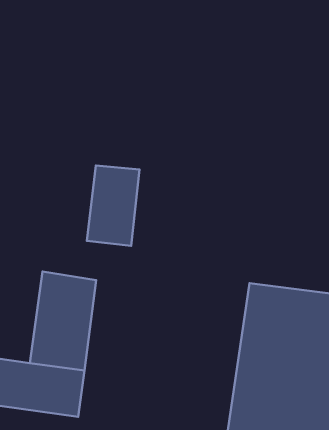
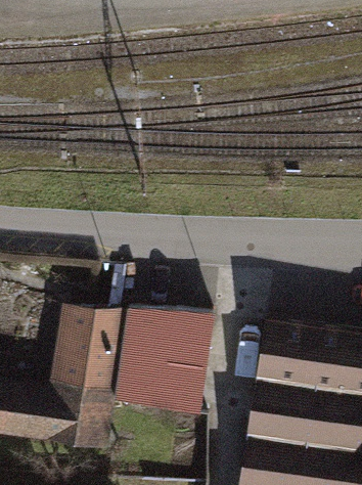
building: [87,166,140,246] -> none
building: none -> [106,313,209,415]

